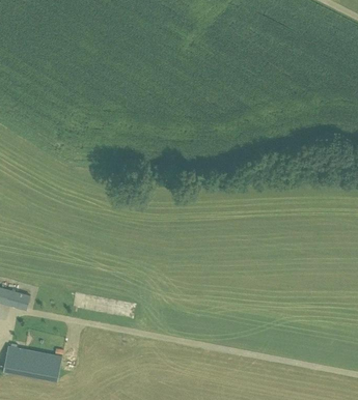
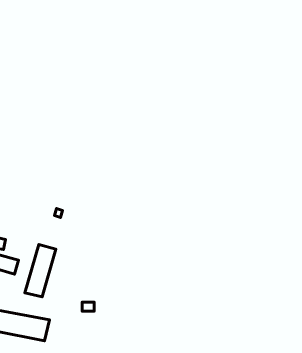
building: none -> [25,244,56,297]

